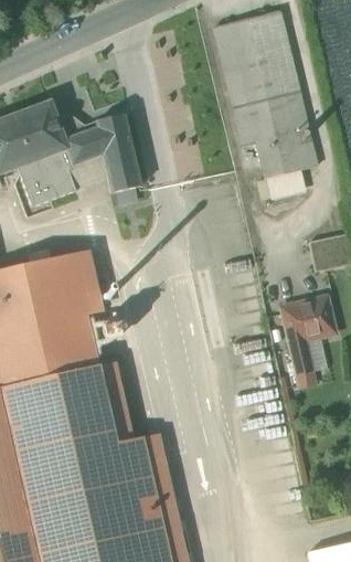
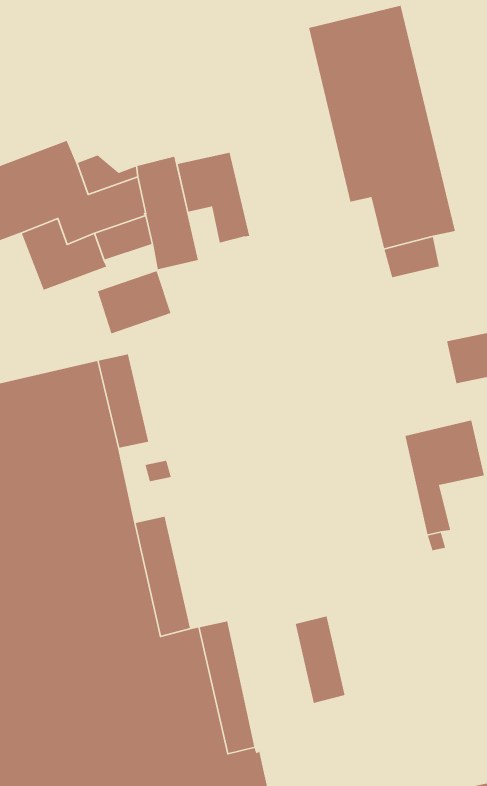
building: none -> [177,152,250,244]
building: none -> [97,270,171,334]
building: none -> [295,615,346,704]

